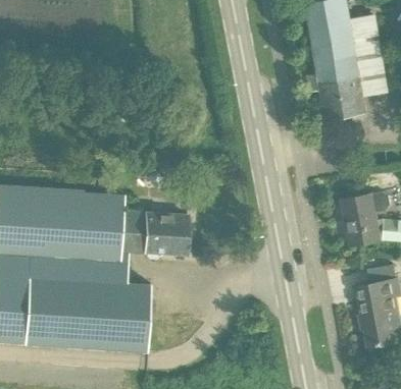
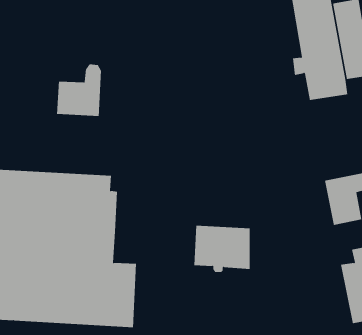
building: none -> [56,64,102,117]
building: [129,212,187,260] -> [194,225,251,272]

